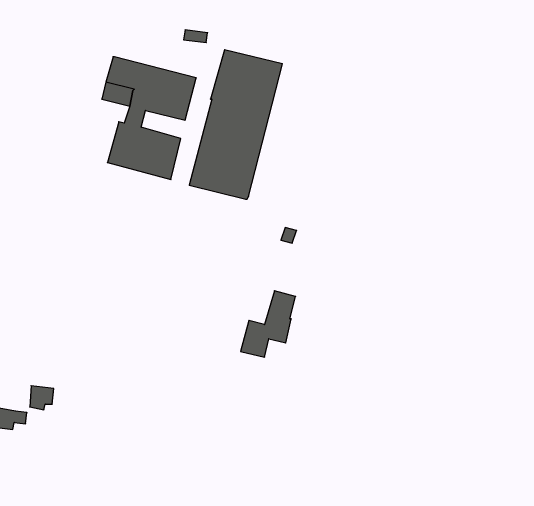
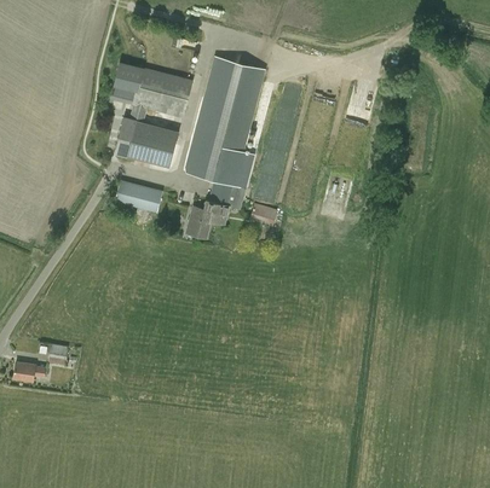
building: none -> [115,179,163,213]
building: [241,291,296,357] -> [186,180,234,237]

